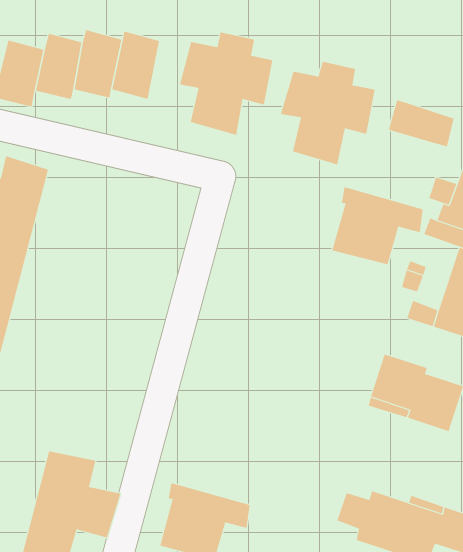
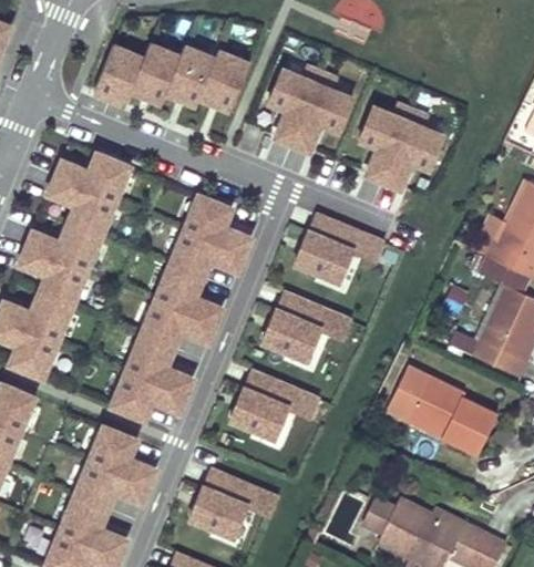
building: [388,99,454,147] -> none
building: [331,187,423,265] -> [289,210,378,287]
building: none -> [110,193,257,424]
building: none -> [259,286,348,362]
building: none -> [227,363,316,440]

